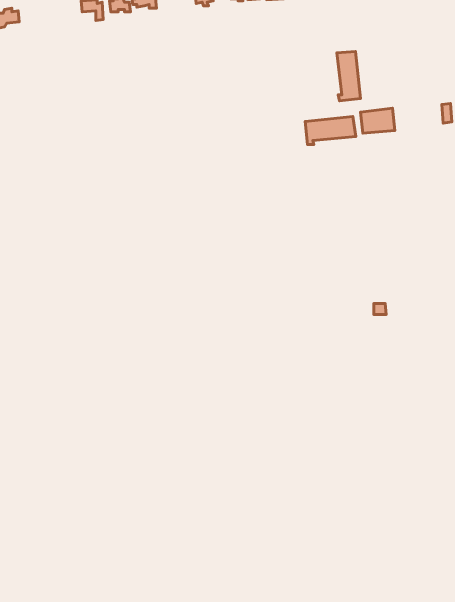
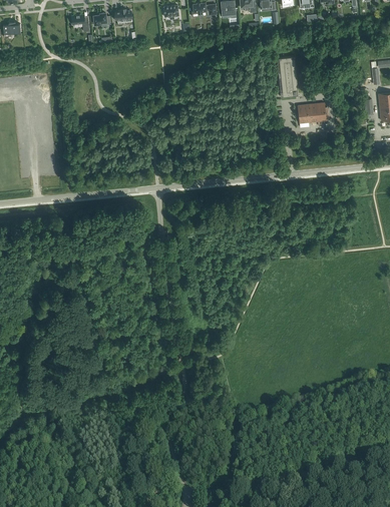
building: [305,116,356,145] -> none

